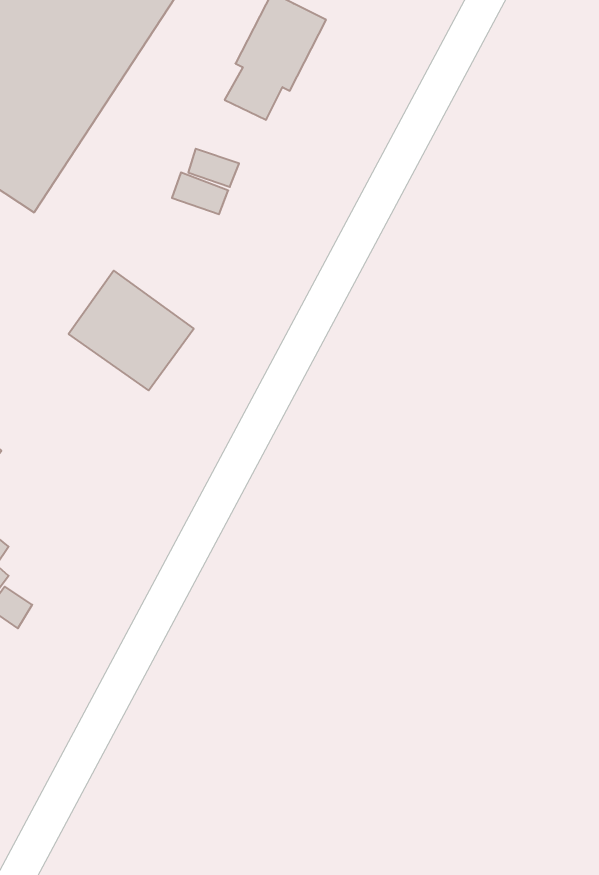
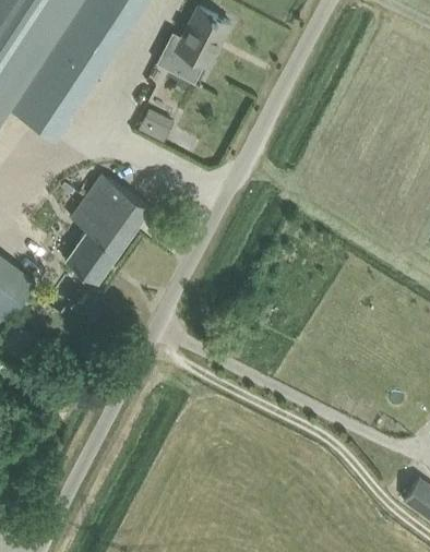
building: none -> [63,212,122,283]

